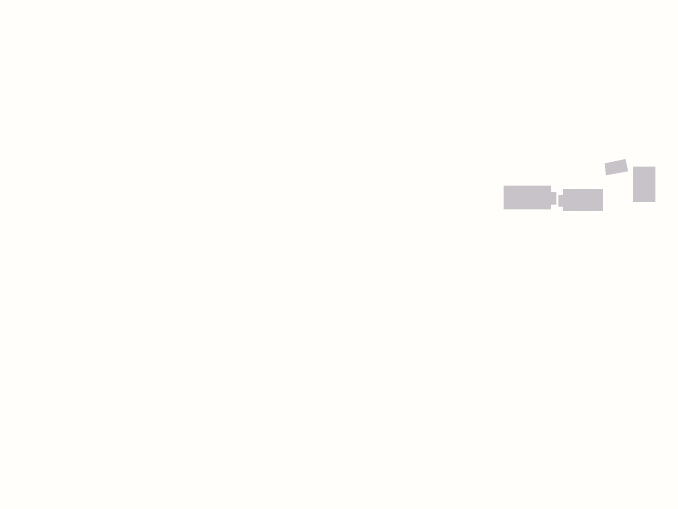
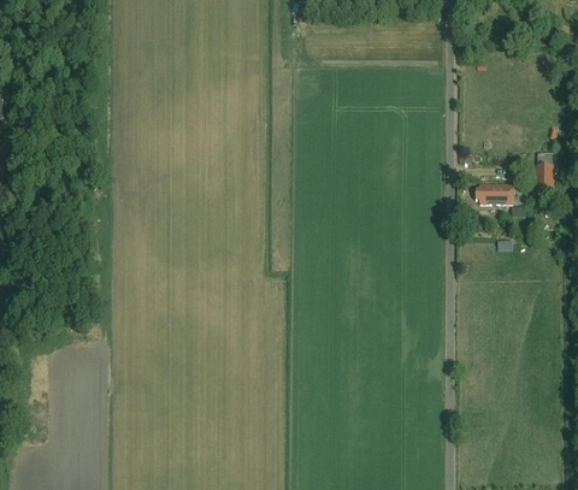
building: [503,185,557,210] -> none

